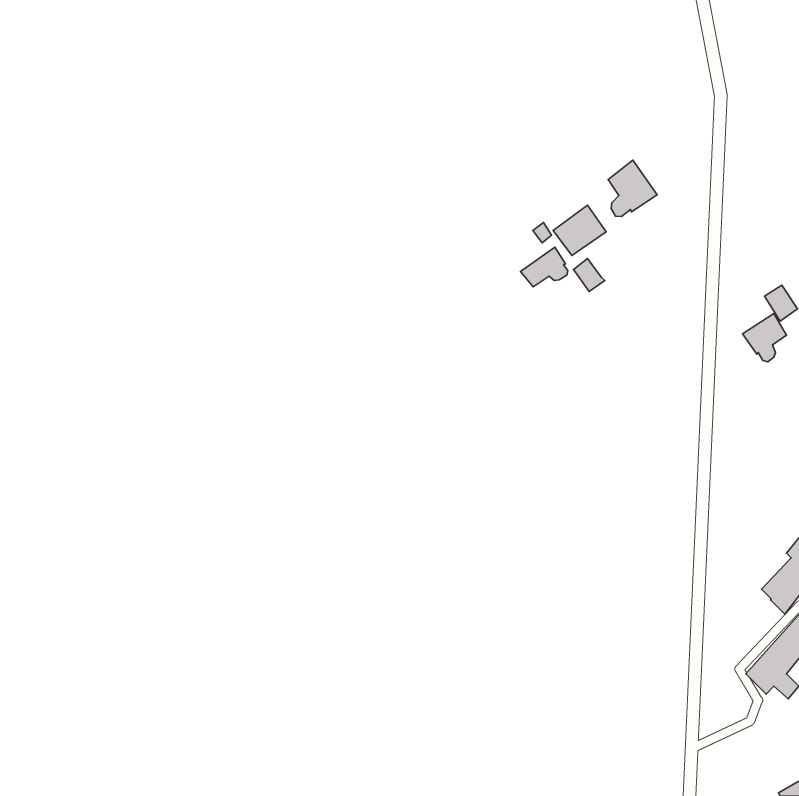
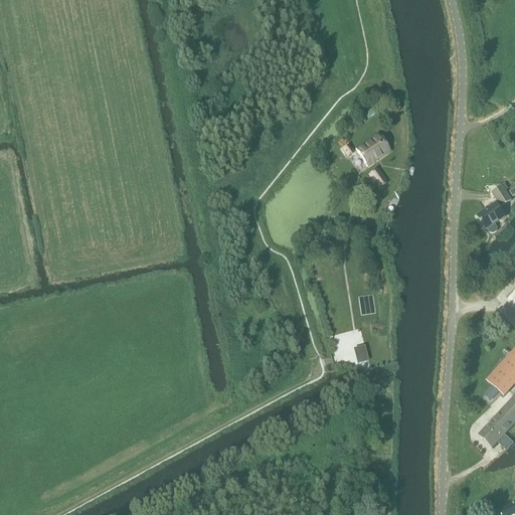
building: [608,160,657,216] -> none
building: [520,247,568,287] -> none

